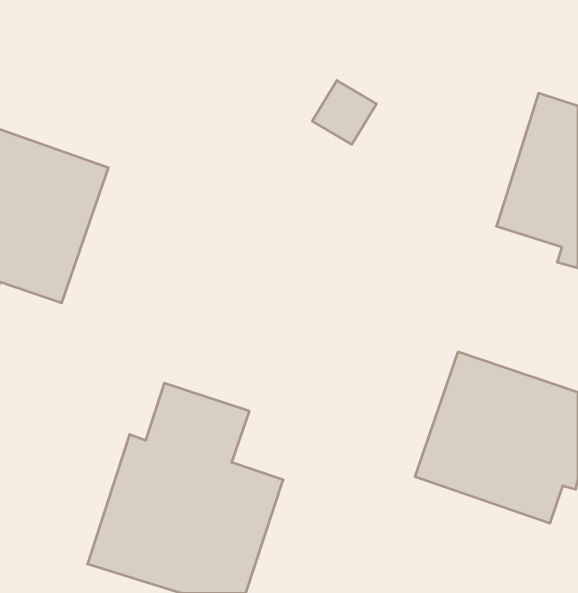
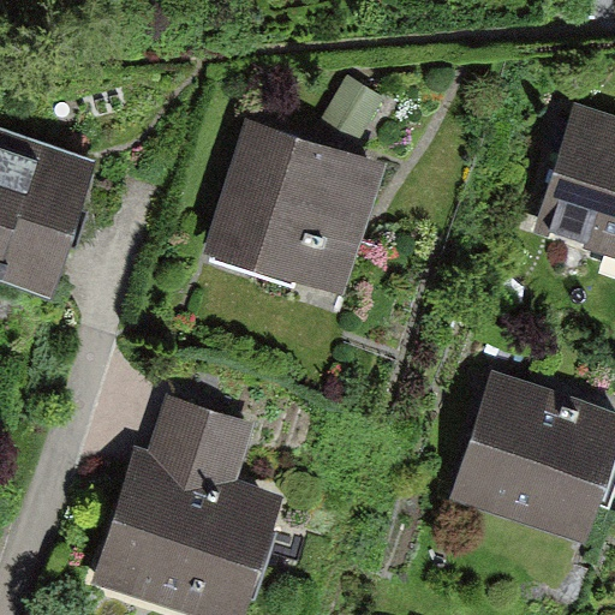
building: none -> [215,121,398,297]

